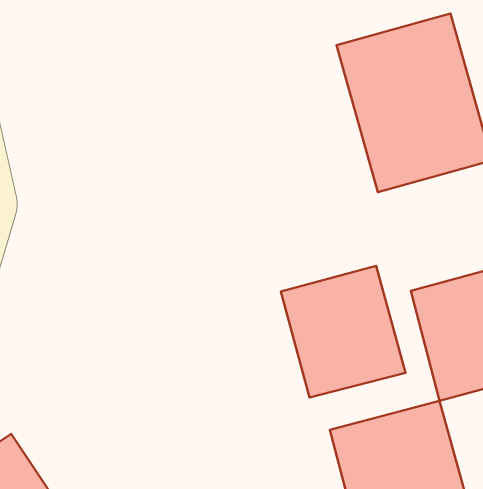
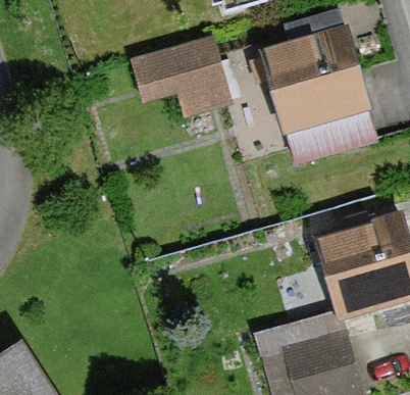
building: none -> [132,37,230,114]
building: [281,266,406,398] -> none

